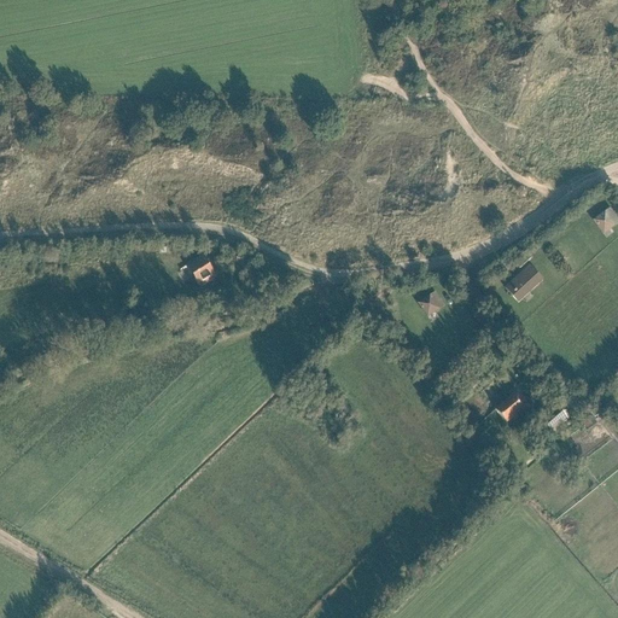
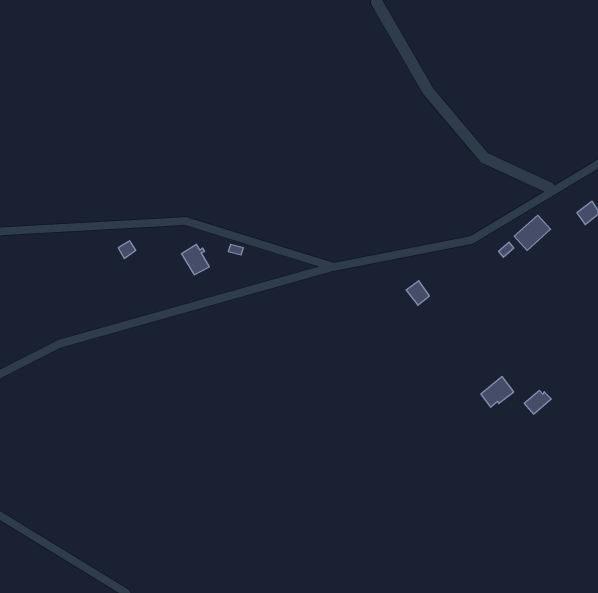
building: [507,262,544,298] -> [514,215,551,250]

